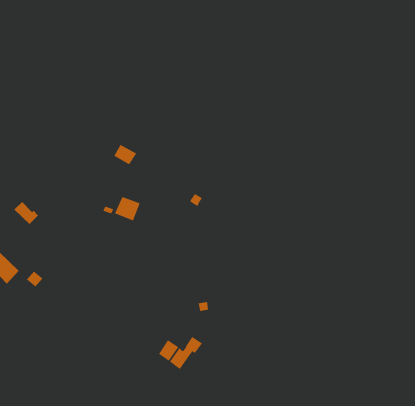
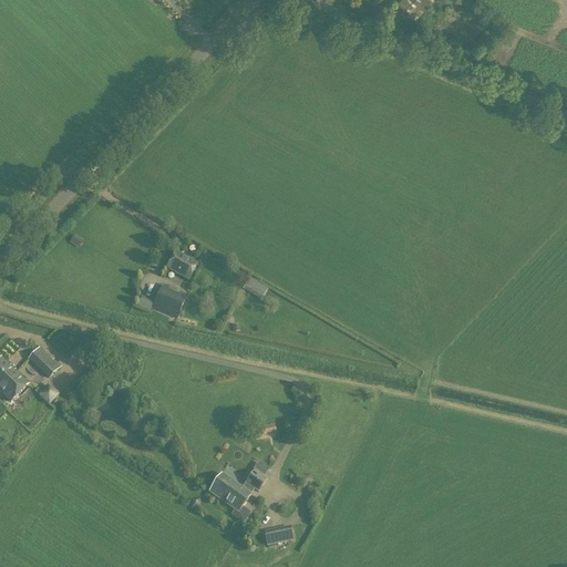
building: [113,144,137,165] -> [165,249,196,277]
building: [14,201,39,225] -> [27,344,60,375]
building: none -> [262,523,292,544]

